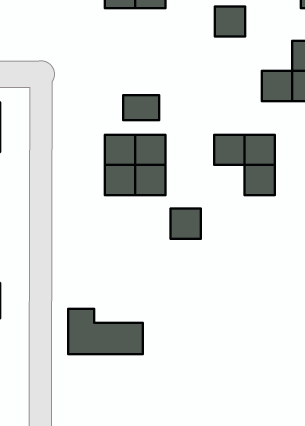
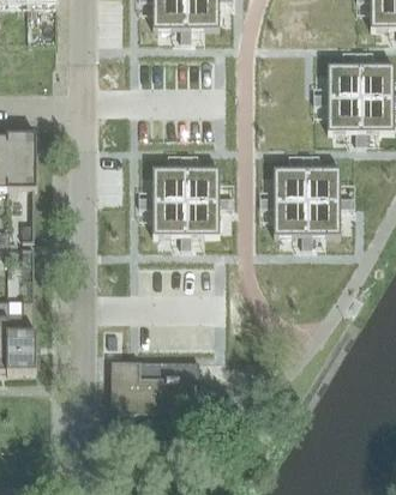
building: [215,6,245,37] -> [326,62,360,96]
building: [123,95,159,120] -> none
building: [171,208,201,239] -> [274,200,307,234]

